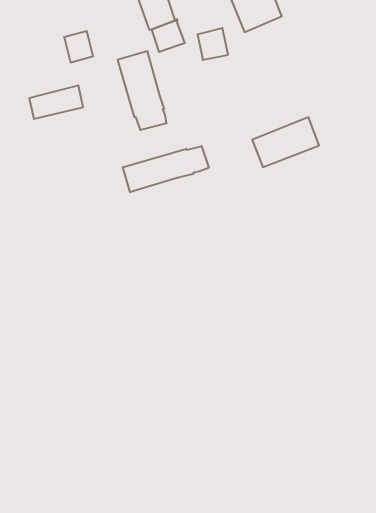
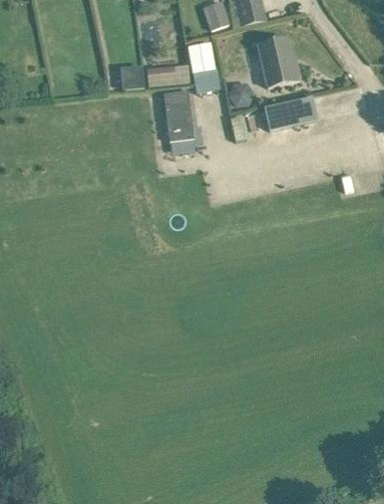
building: [29,85,83,119] -> [147,63,189,84]
building: [252,117,319,167] -> [267,97,320,132]
building: [123,146,209,192] -> none

